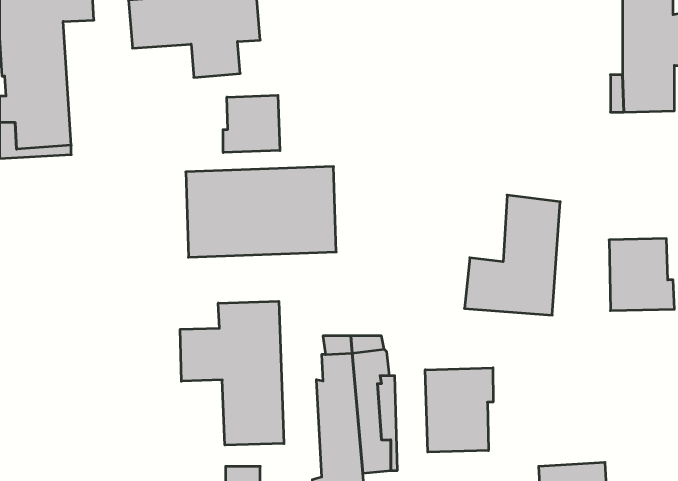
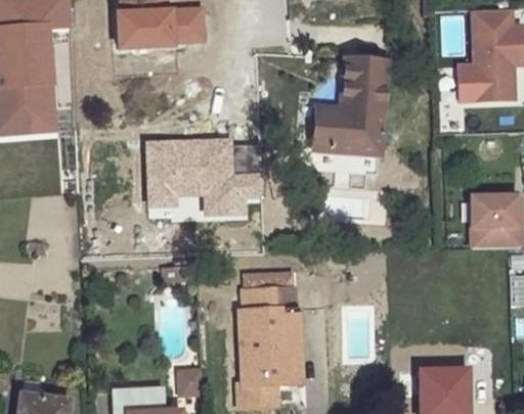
building: [223,95,280,153] -> none
building: [464,195,560,315] -> [310,61,384,153]
building: [180,301,284,445] -> none
building: [425,368,493,452] -> none

